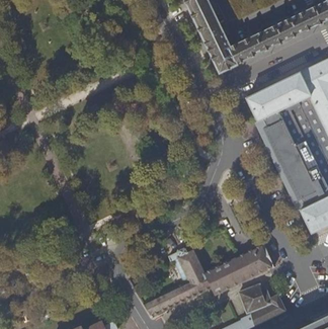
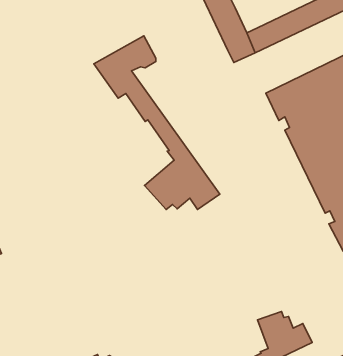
building: none -> [94,36,220,210]
building: [130,243,274,317] -> none

